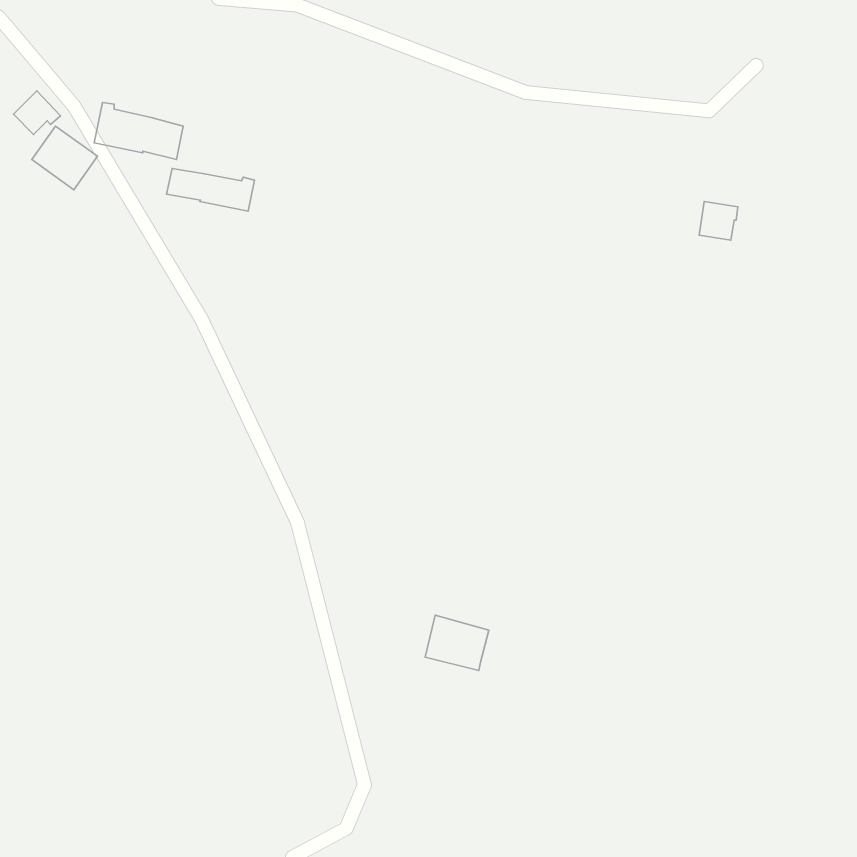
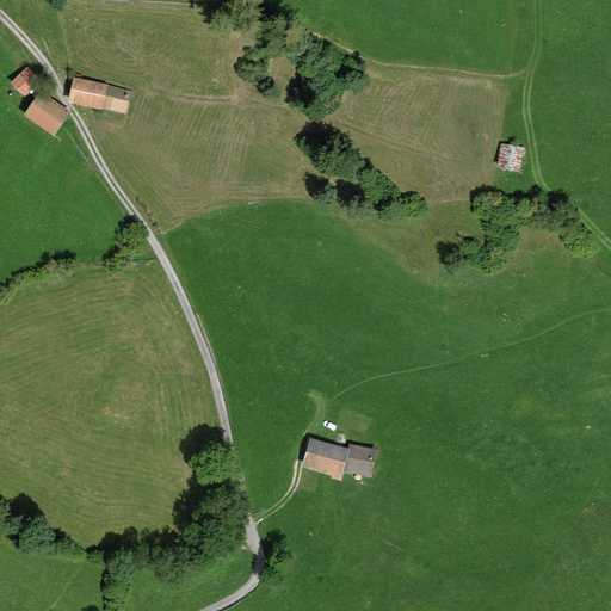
building: [167,168,255,211] -> none
building: none -> [341,443,376,475]

